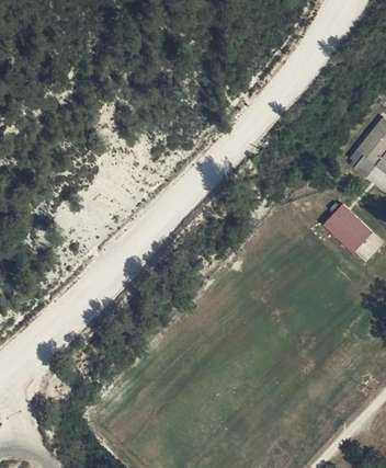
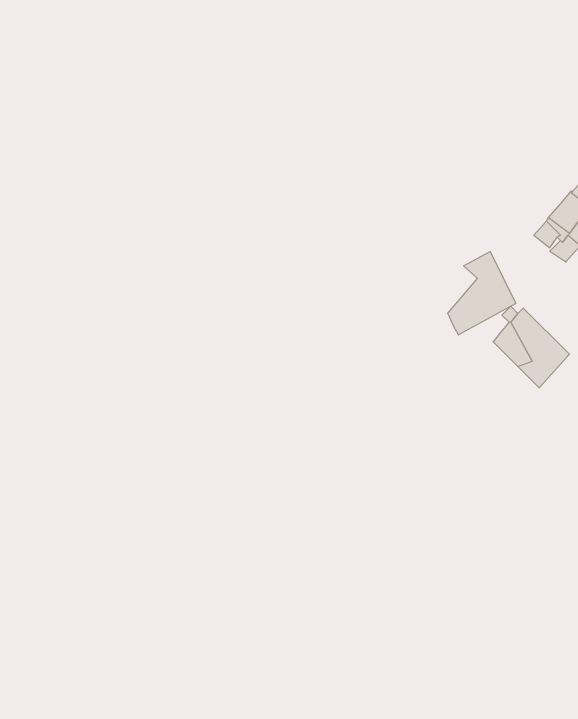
building: none -> [448,251,516,335]

